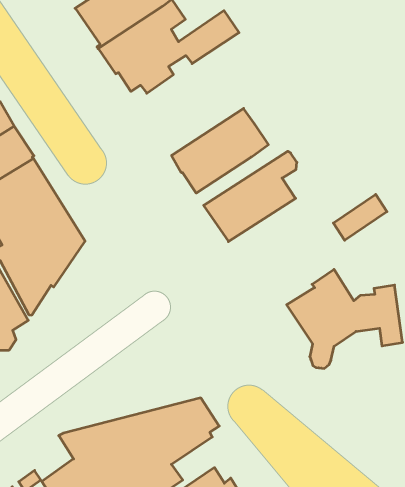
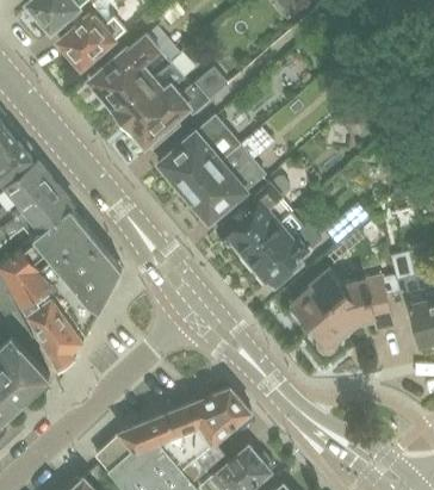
building: none -> [160,118,238,192]
building: none -> [238,216,320,289]

